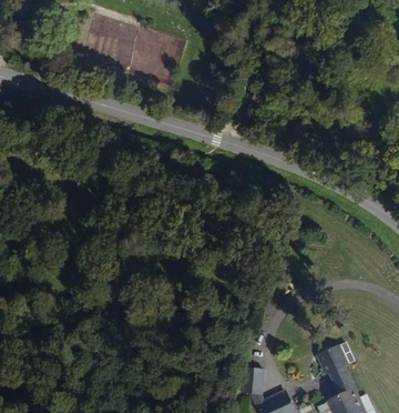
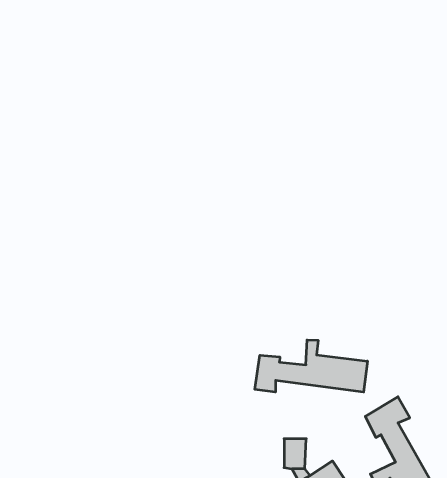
building: none -> [255,340,367,392]

